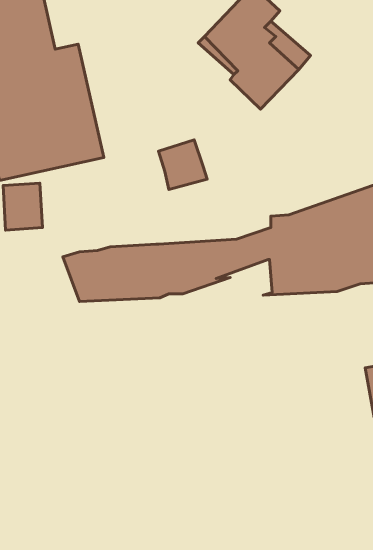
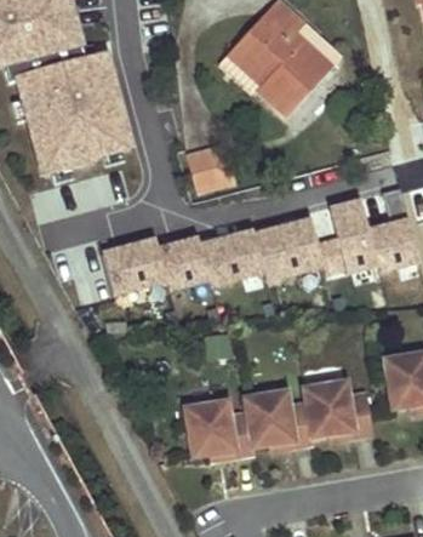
building: none -> [185,382,372,457]

